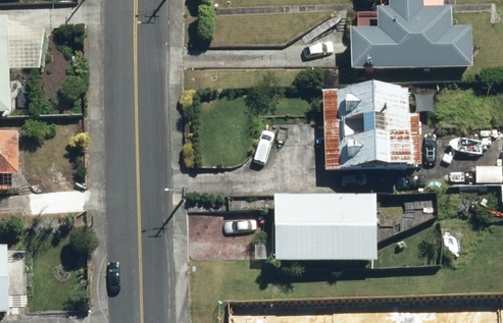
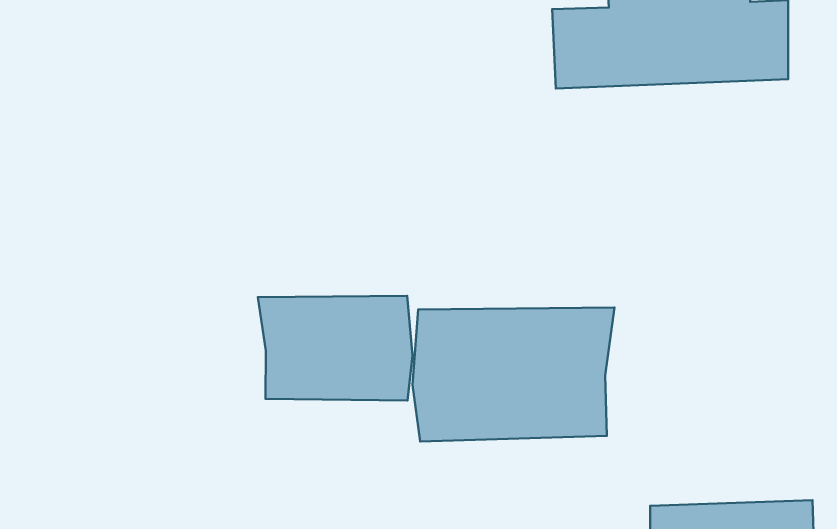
building: [316,87,415,176] -> none
building: none -> [258,296,413,400]

